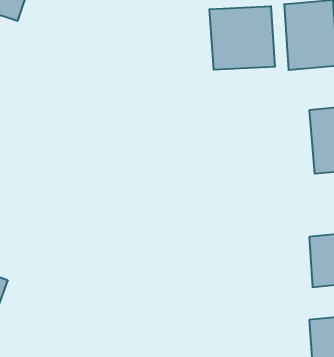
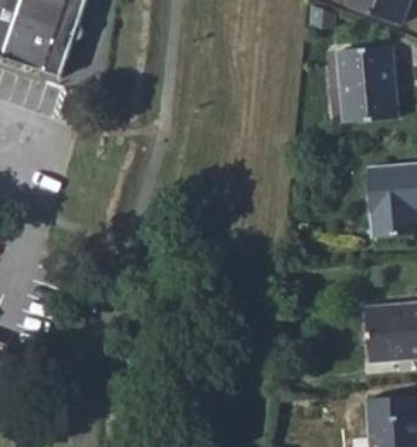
building: [210,6,275,70] -> none

